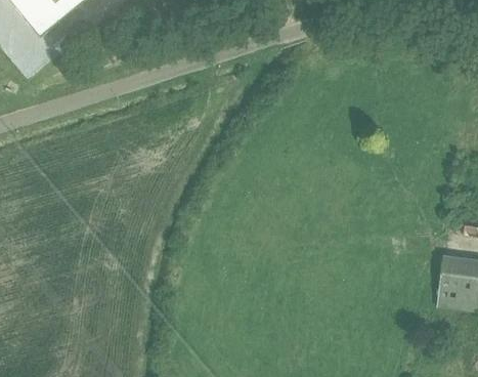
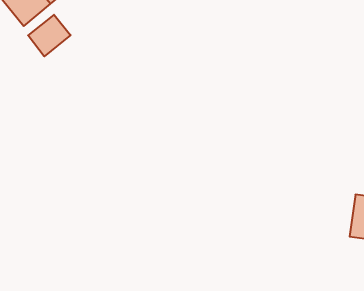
building: none -> [28,15,71,56]

